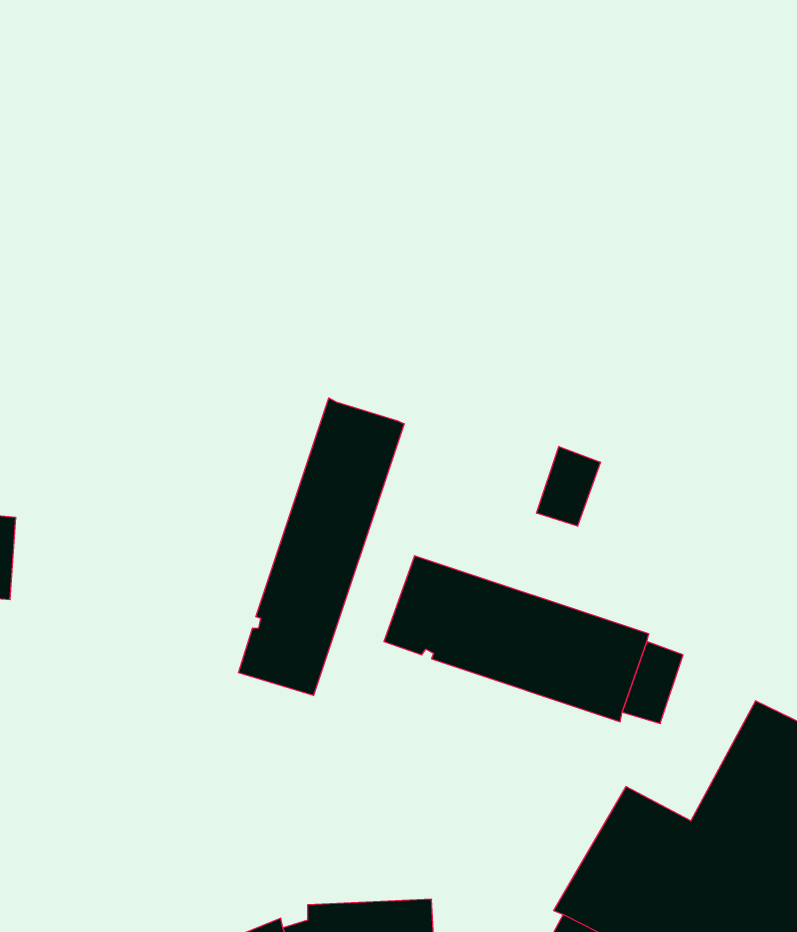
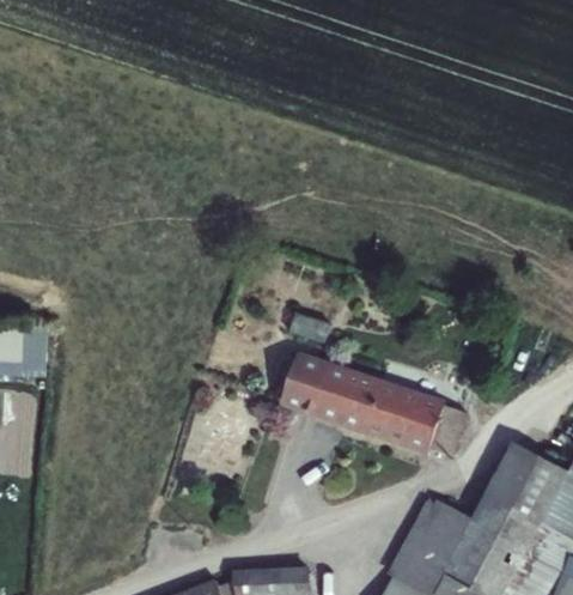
building: [238,398,404,696] -> none
building: [537,446,600,526] -> none

